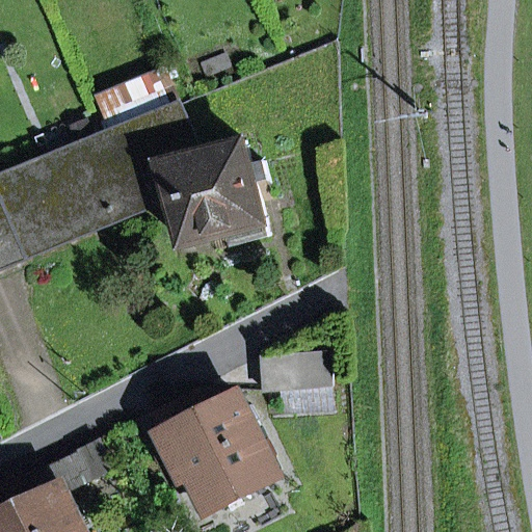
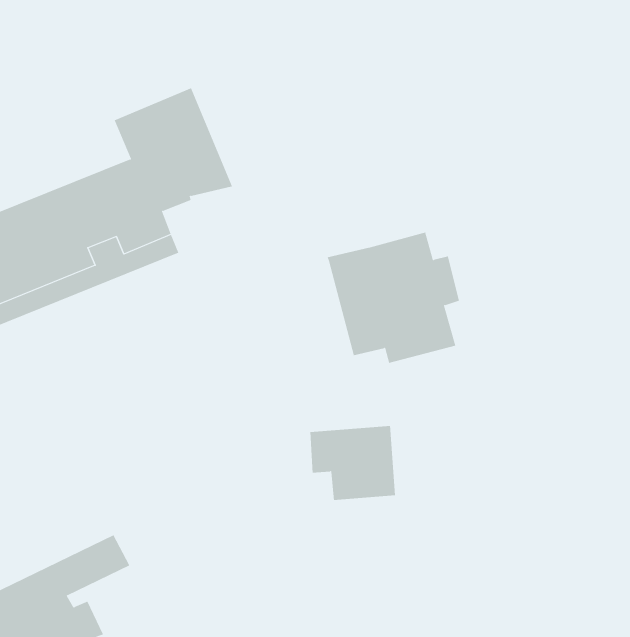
building: [158,144,268,254] -> [327,232,460,363]
building: [145,392,269,509] -> none

